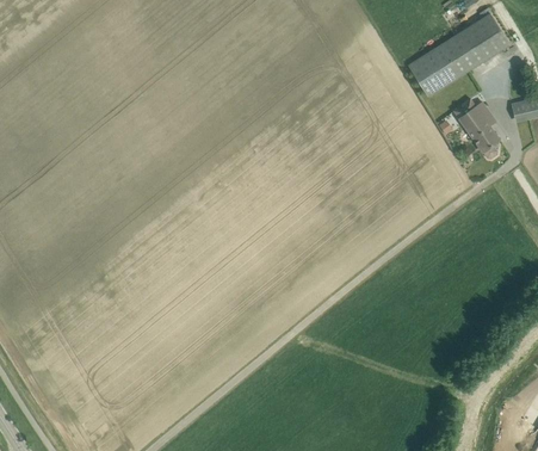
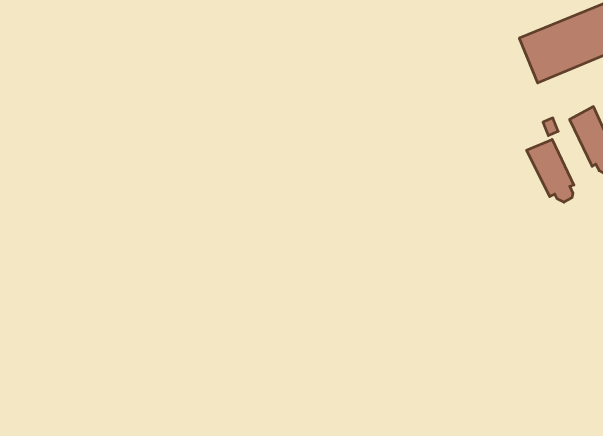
building: none -> [527,139,574,202]

